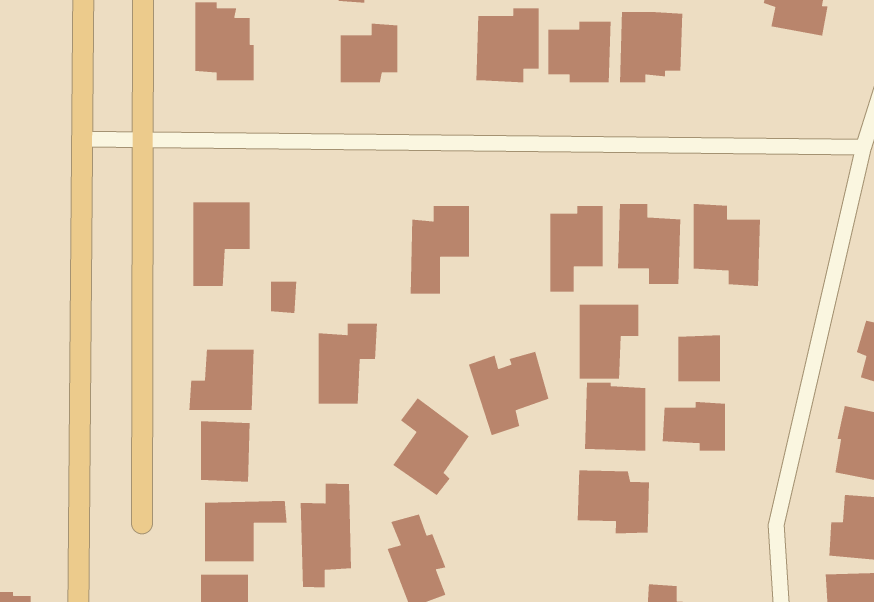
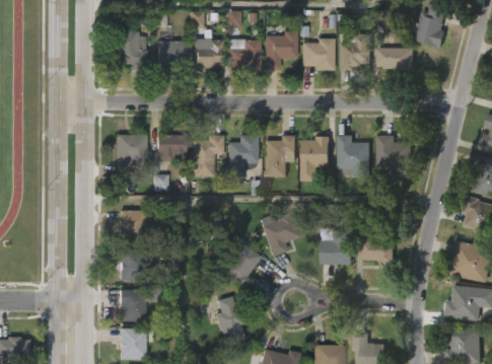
building: none -> [227,40,260,71]
building: none -> [156,41,185,68]
building: none -> [378,48,416,71]
building: none -> [158,134,187,162]
building: [579,304,639,380] -> [267,137,298,176]
building: [318,323,378,404] -> [194,134,225,176]
building: [678,335,721,382] -> none
building: [577,469,650,534] -> none
building: [300,483,352,588] -> none

